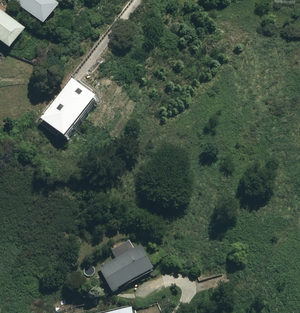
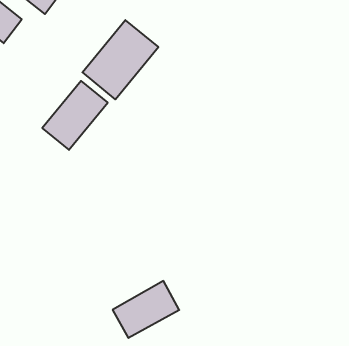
building: none -> [82,20,158,99]

